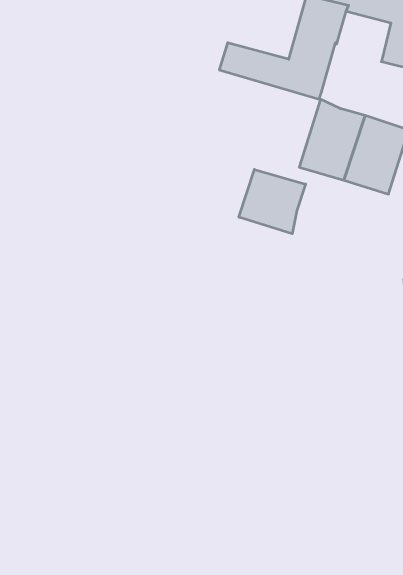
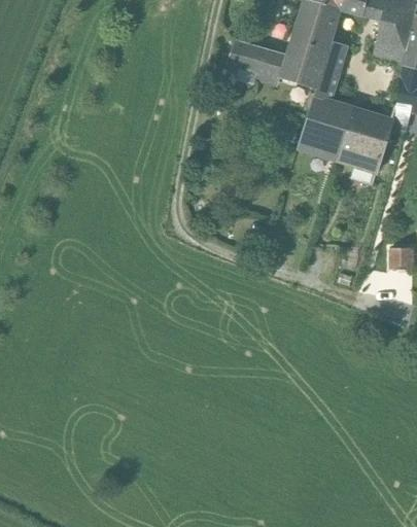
building: none -> [315,40,349,98]
building: [239,169,306,234] -> none

